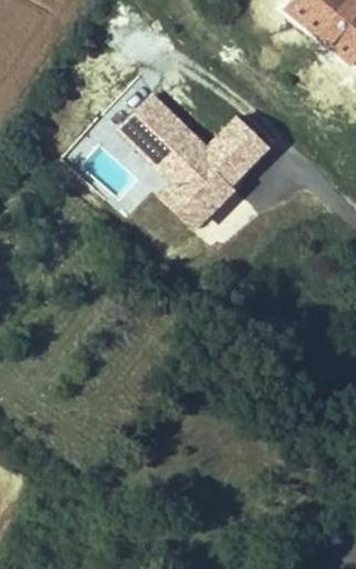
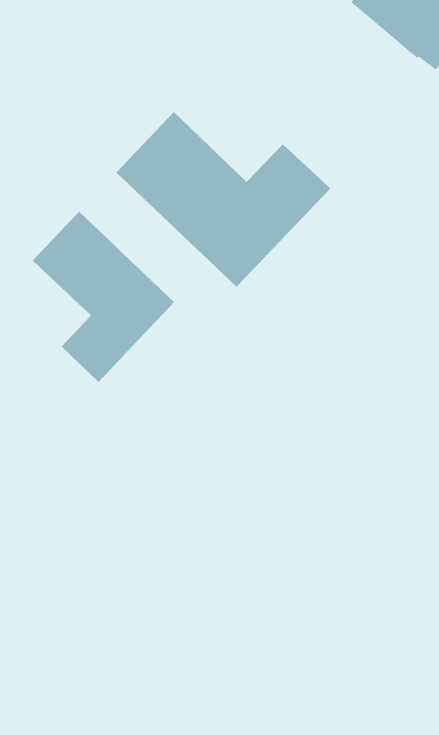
building: none -> [32,211,175,383]

